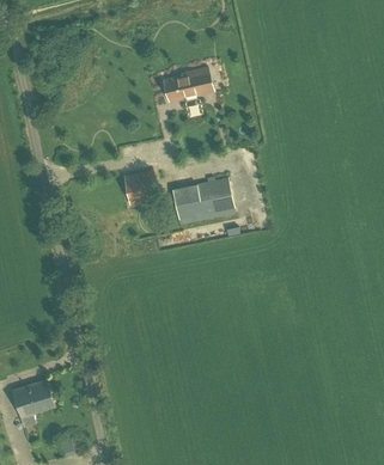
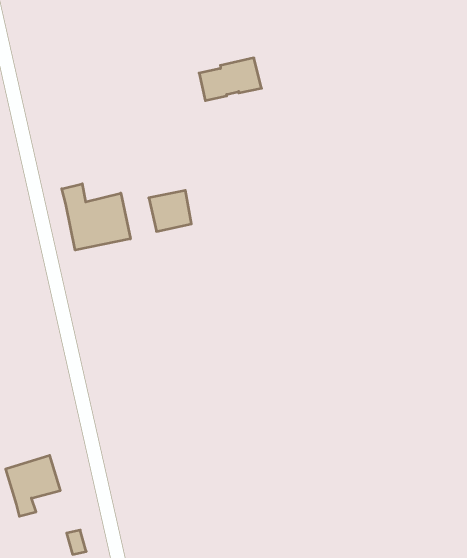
building: none -> [62,184,130,250]
building: [171,178,233,221] -> none

